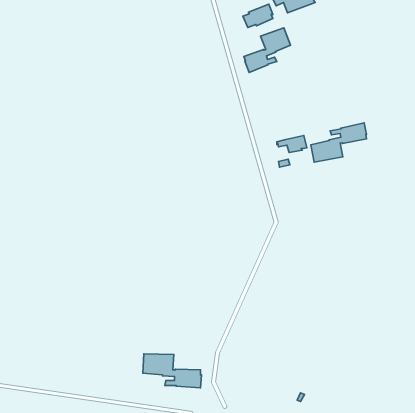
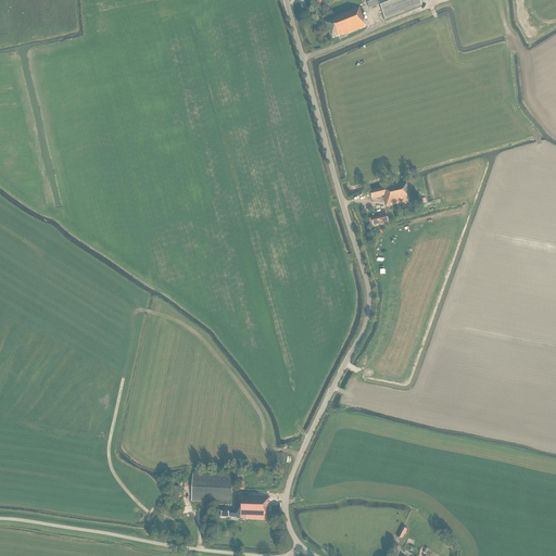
building: [244,28,290,72] -> none
building: [311,123,367,162] -> none

